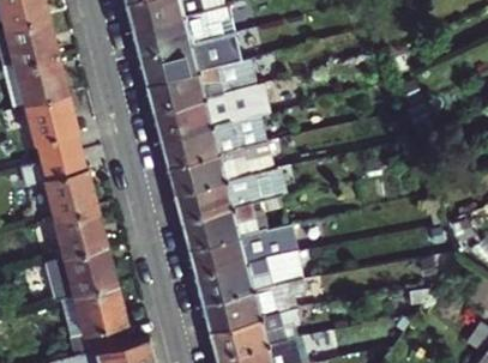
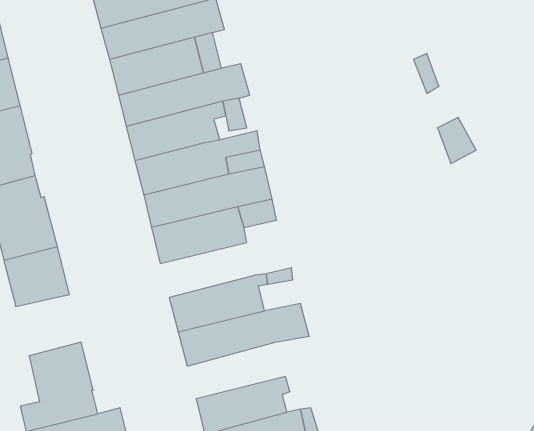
building: [181,204,258,248] -> none
building: [65,246,118,295] -> none
building: [203,279,305,329] -> none

